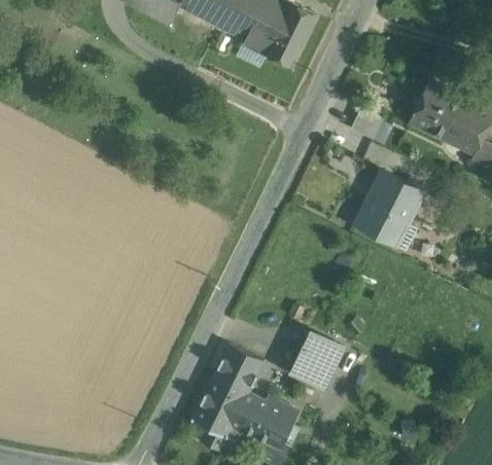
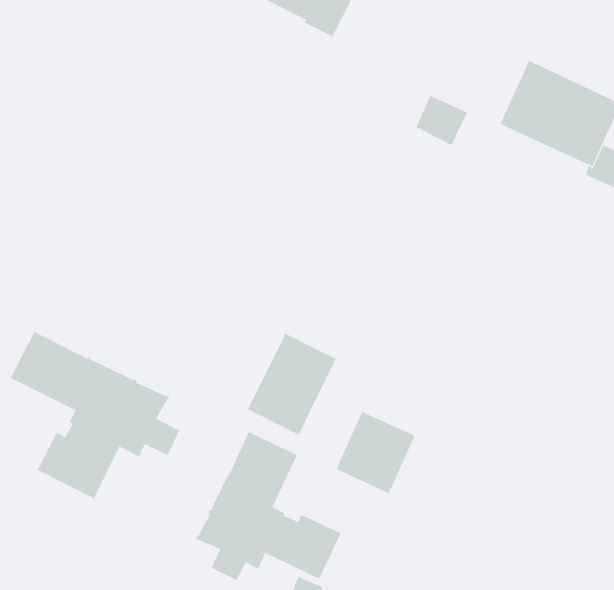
building: [356,171,423,251] -> none
building: none -> [10,331,180,499]
building: none -> [247,333,337,435]

